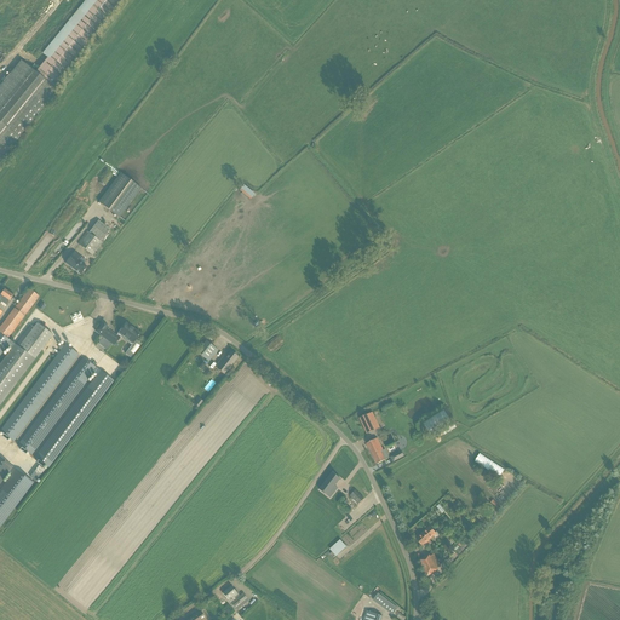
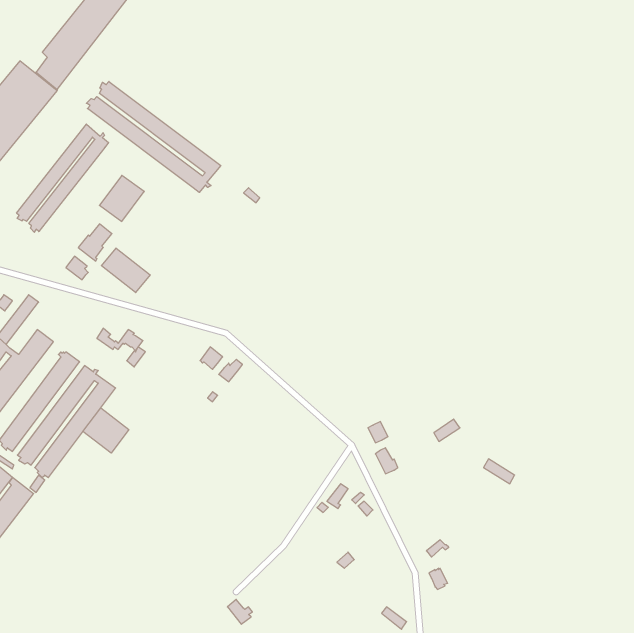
building: none -> [86,81,221,192]
building: none -> [17,124,109,232]
building: none -> [101,248,150,293]
building: none -> [83,408,129,453]

